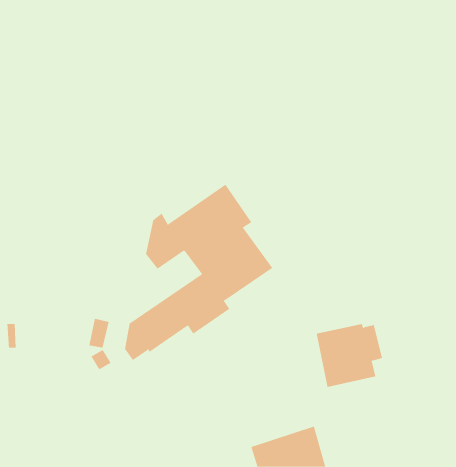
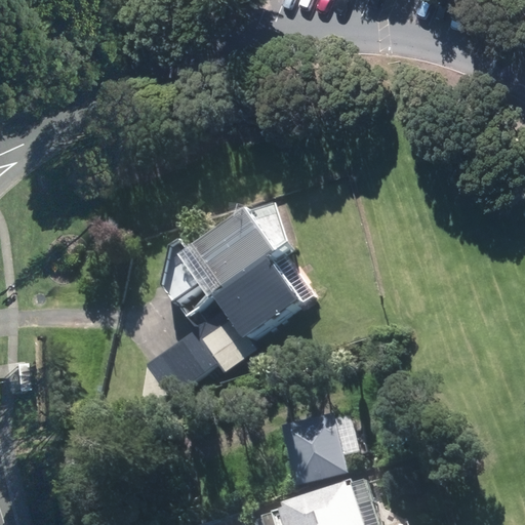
building: [316,324,383,388] -> [286,413,361,485]

